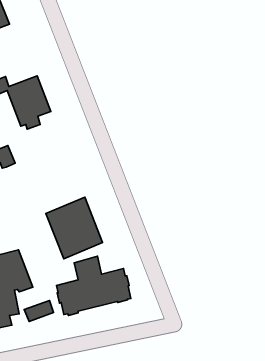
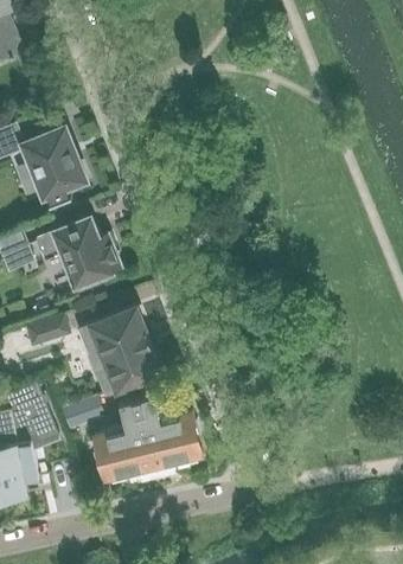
building: none -> [36,218,117,290]
building: none -> [25,314,70,347]
building: [24,300,53,321] -> [60,398,103,429]

